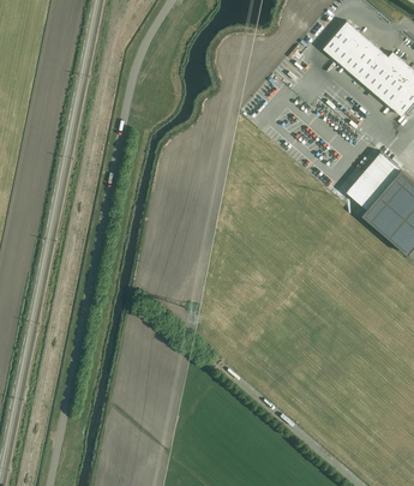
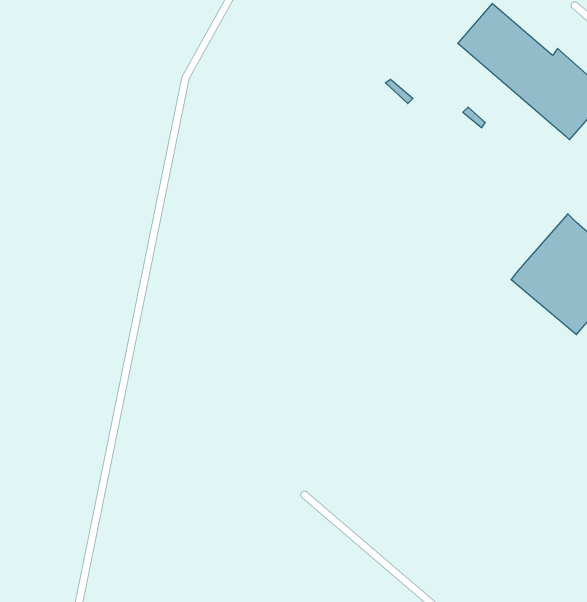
building: [344,152,400,209] -> none

